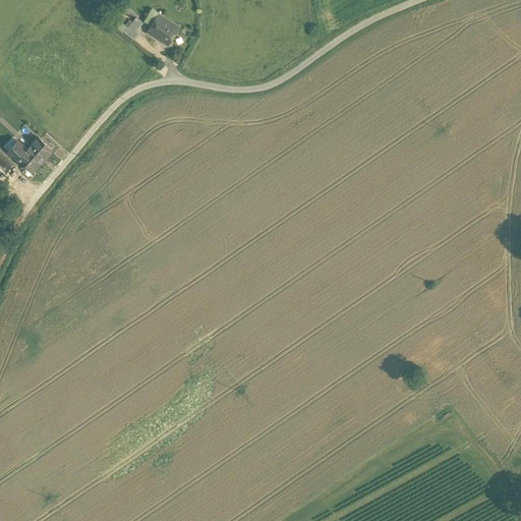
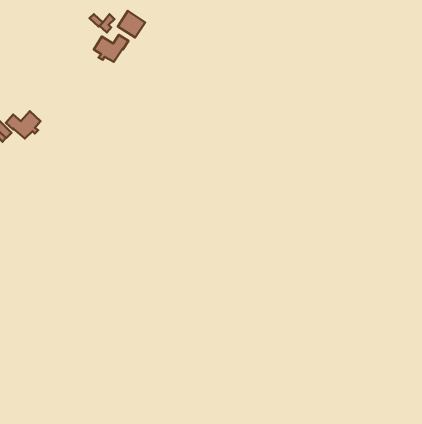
building: none -> [94,35,128,62]

